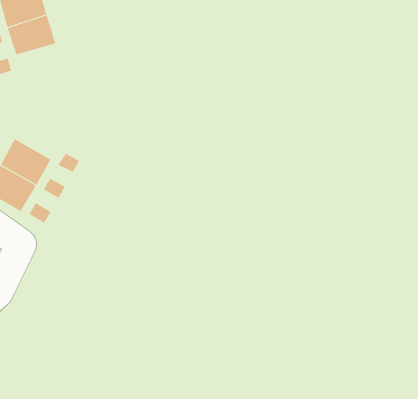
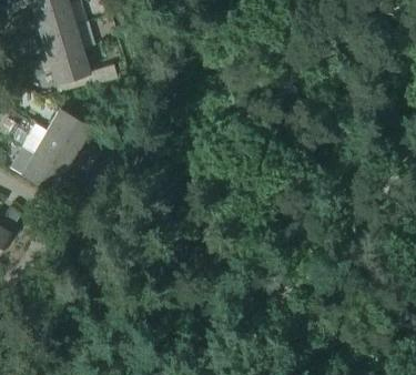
building: none -> [48,49,89,84]
building: none -> [47,108,91,148]

